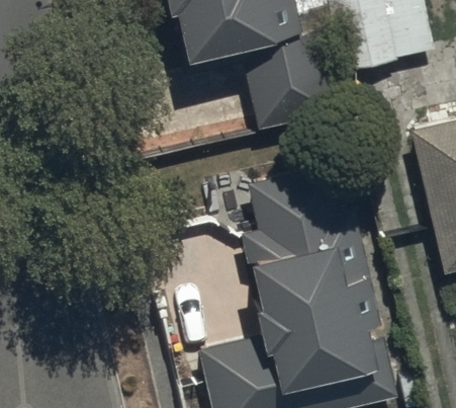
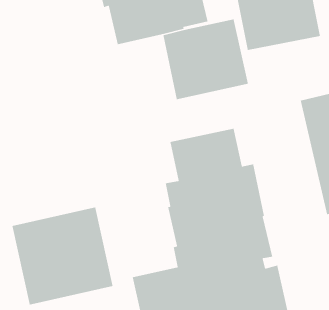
building: none -> [12,207,113,305]

